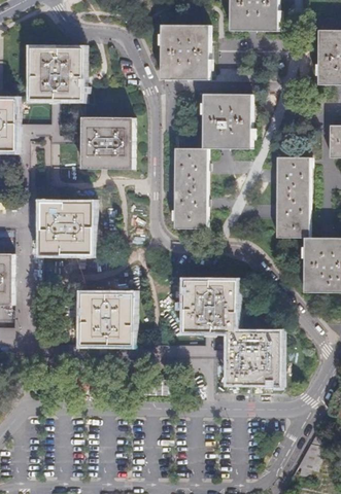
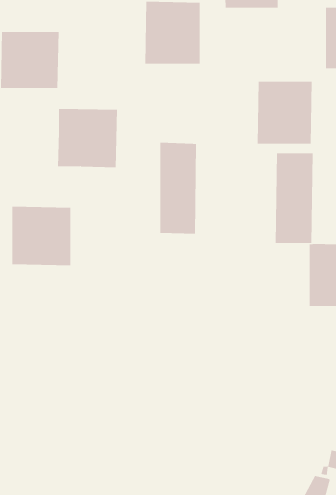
building: [202,92,251,147] -> [257,81,313,144]
building: [186,281,282,385] -> none
building: [82,292,135,344] -> none

